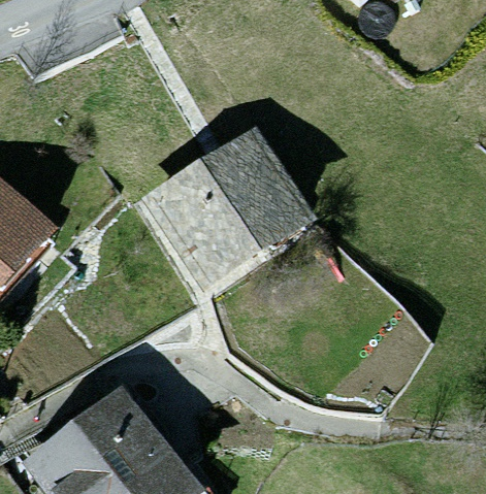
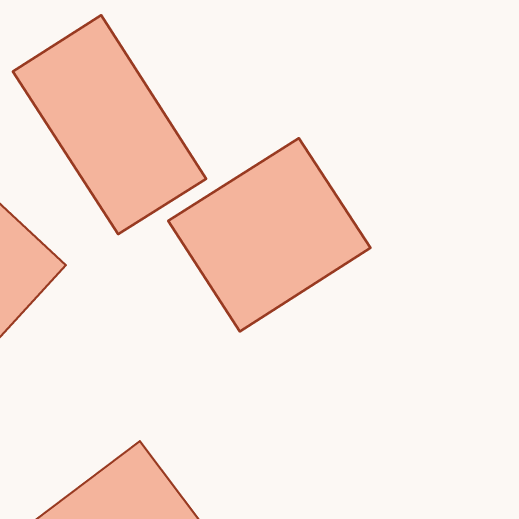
building: none -> [13,15,206,234]

